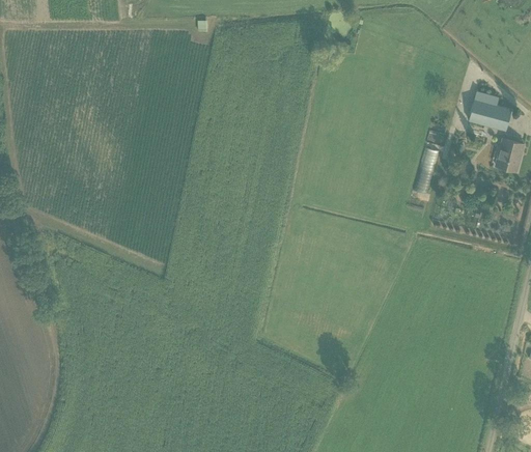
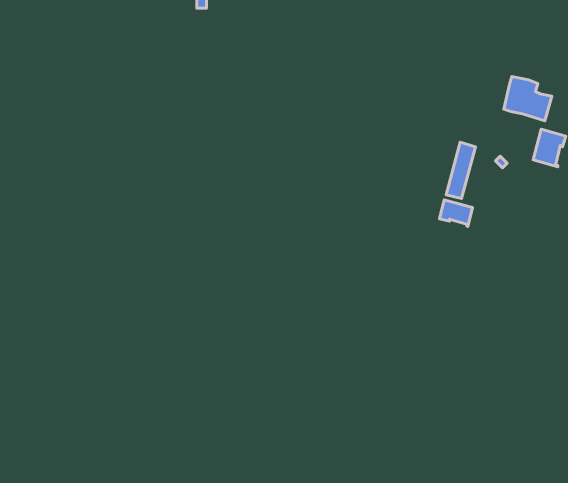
building: none -> [439,200,472,226]

